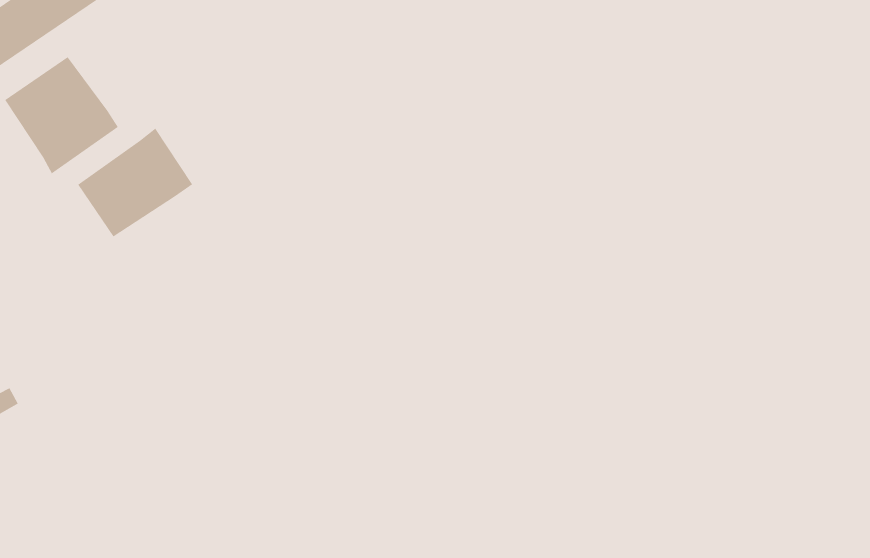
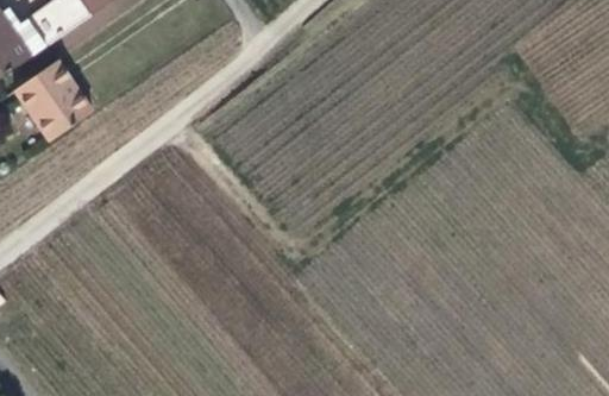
building: [77,127,193,237] -> none

